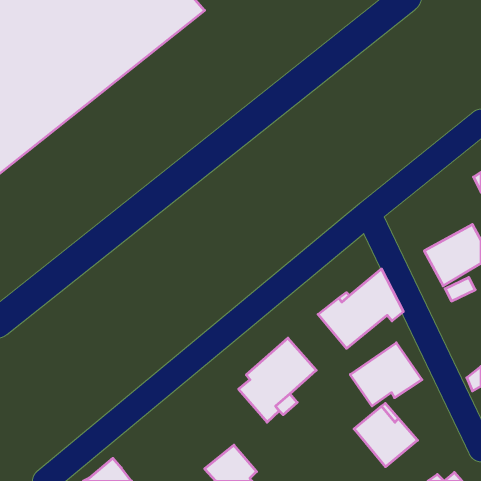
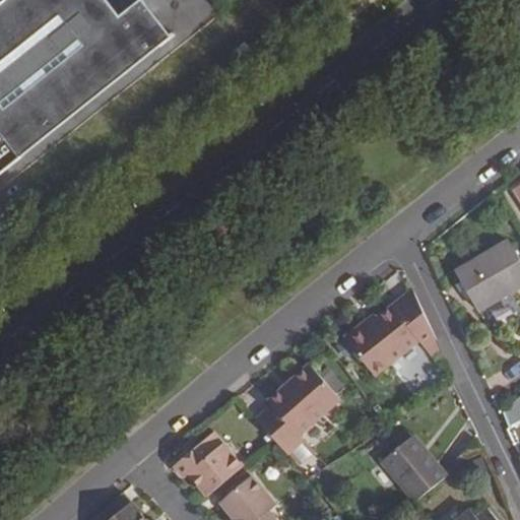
building: [350,343,422,406] -> none
building: none -> [173,433,242,497]

